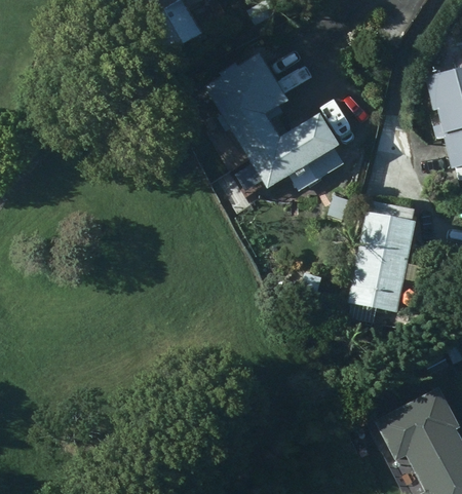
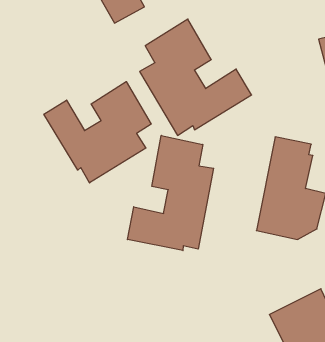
building: none -> [44,82,151,183]
building: none -> [127,135,214,251]

